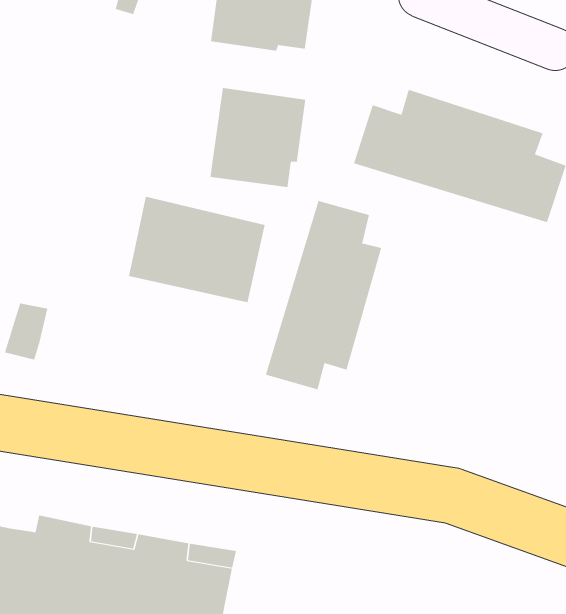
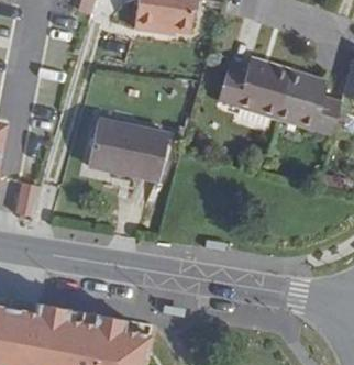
building: [210,87,306,188] -> none
building: [265,200,382,390] -> none

